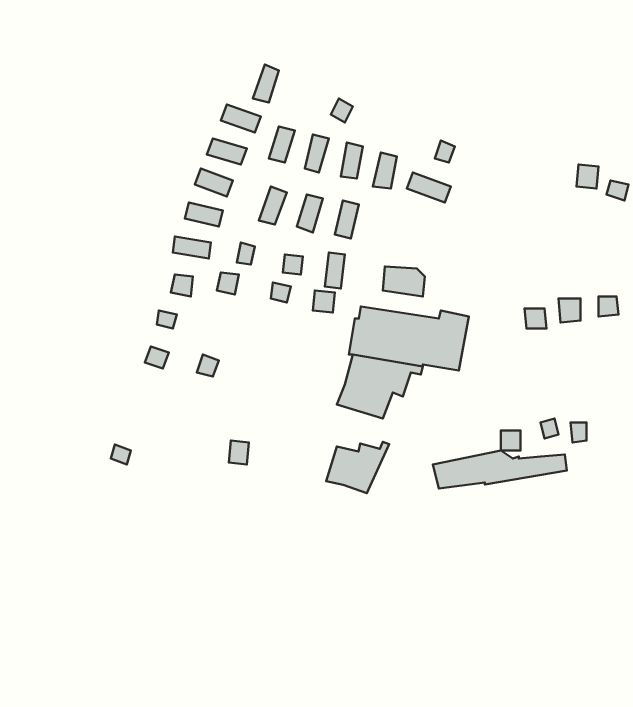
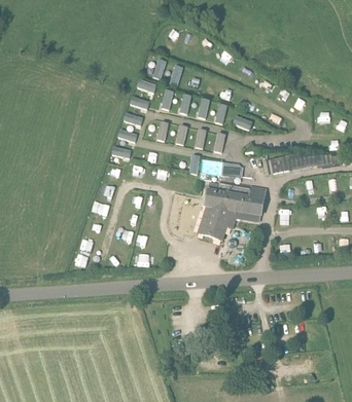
building: [326,442,389,493] -> none
building: [433,450,567,488] -> [261,153,330,173]

